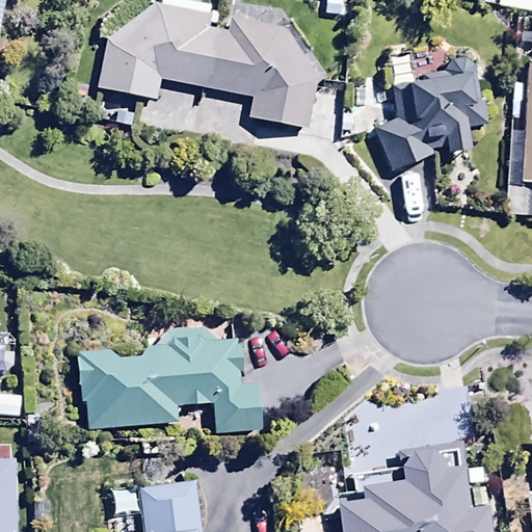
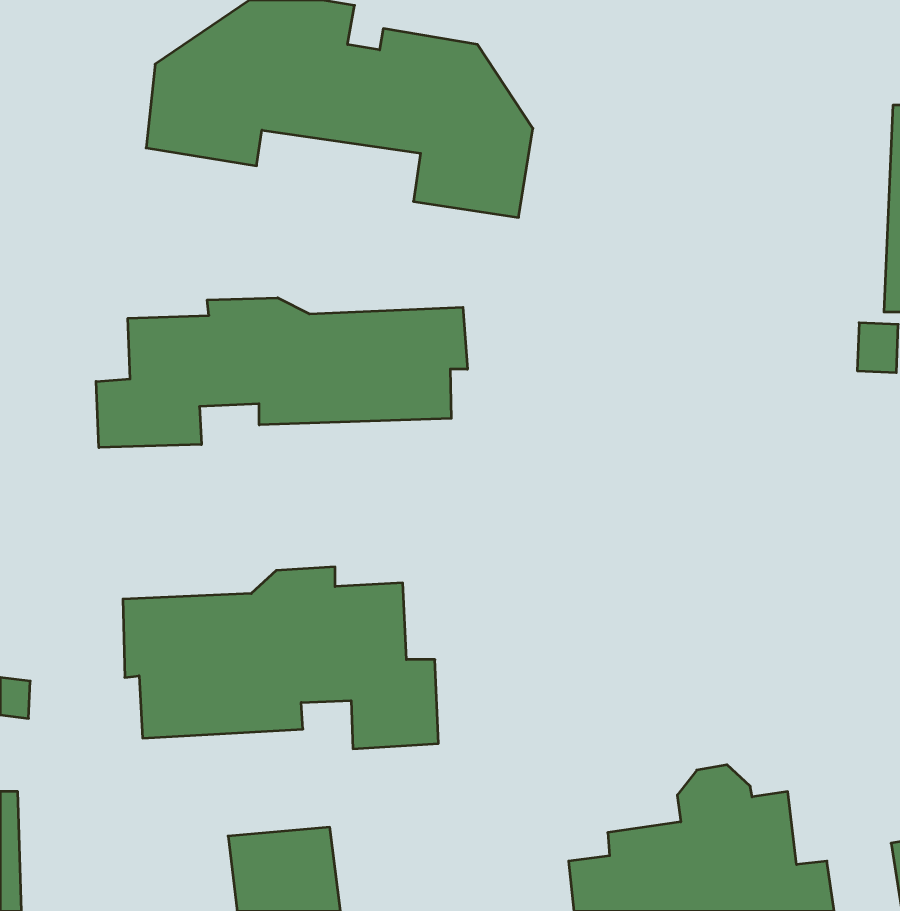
building: [374,70,490,174] -> none
building: none -> [96,298,467,448]

